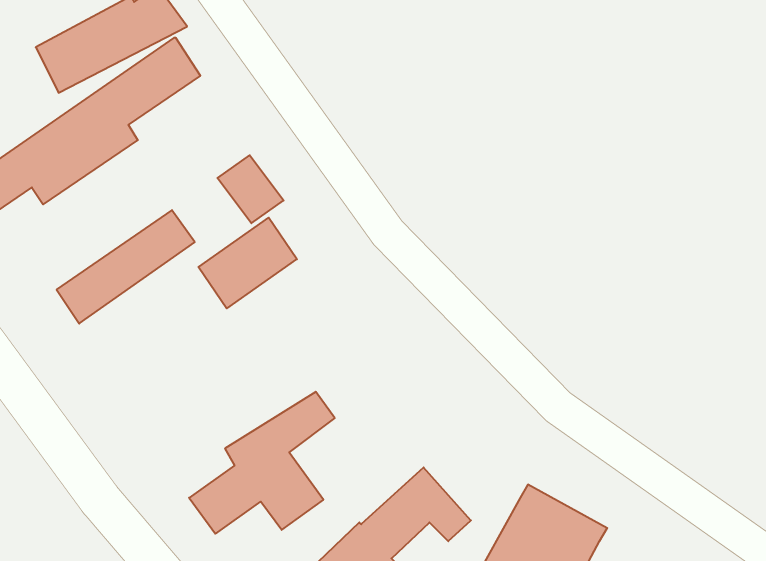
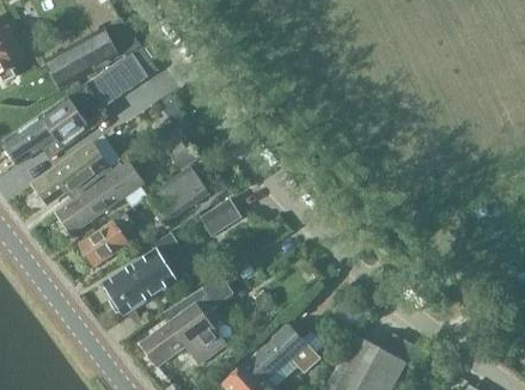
building: none -> [33,136,121,203]
building: none -> [201,199,242,234]
building: none -> [79,212,135,267]
building: none -> [104,233,182,315]

